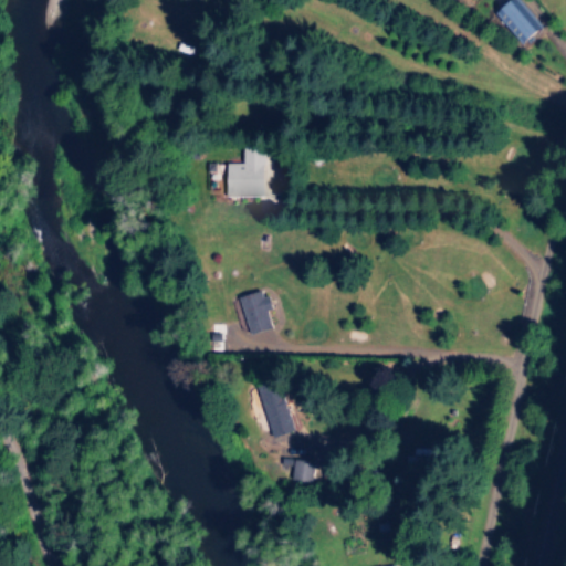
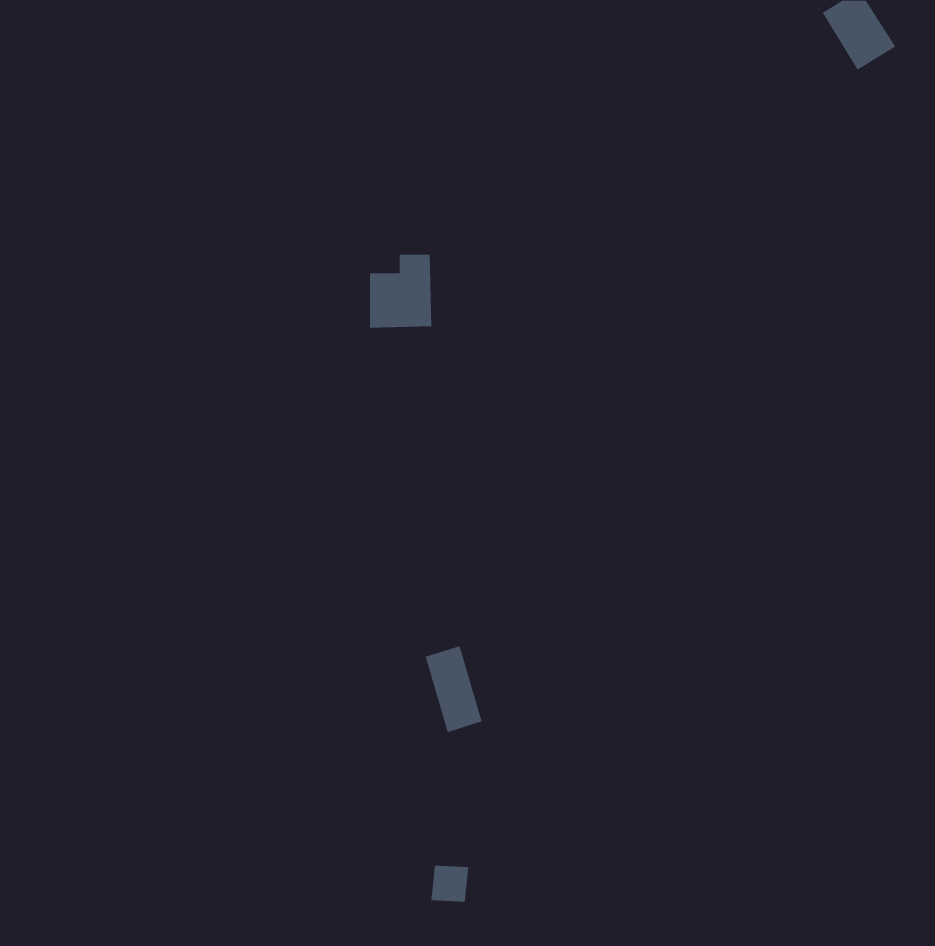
building: [241,291,274,335] -> none
building: [294,461,317,483] -> [430,865,469,902]

